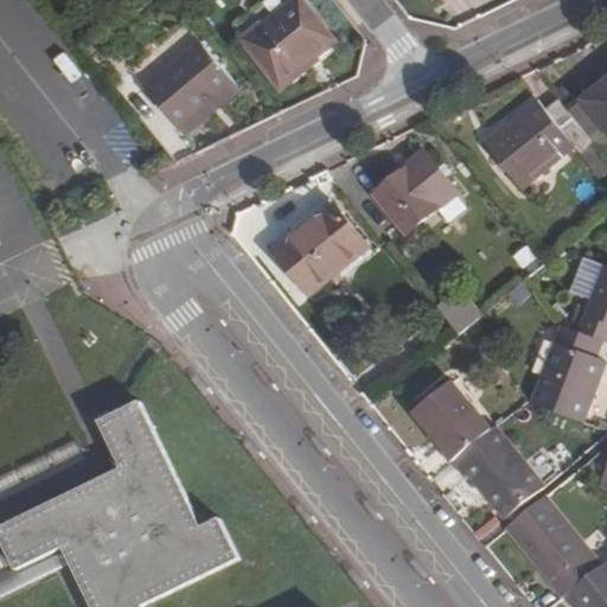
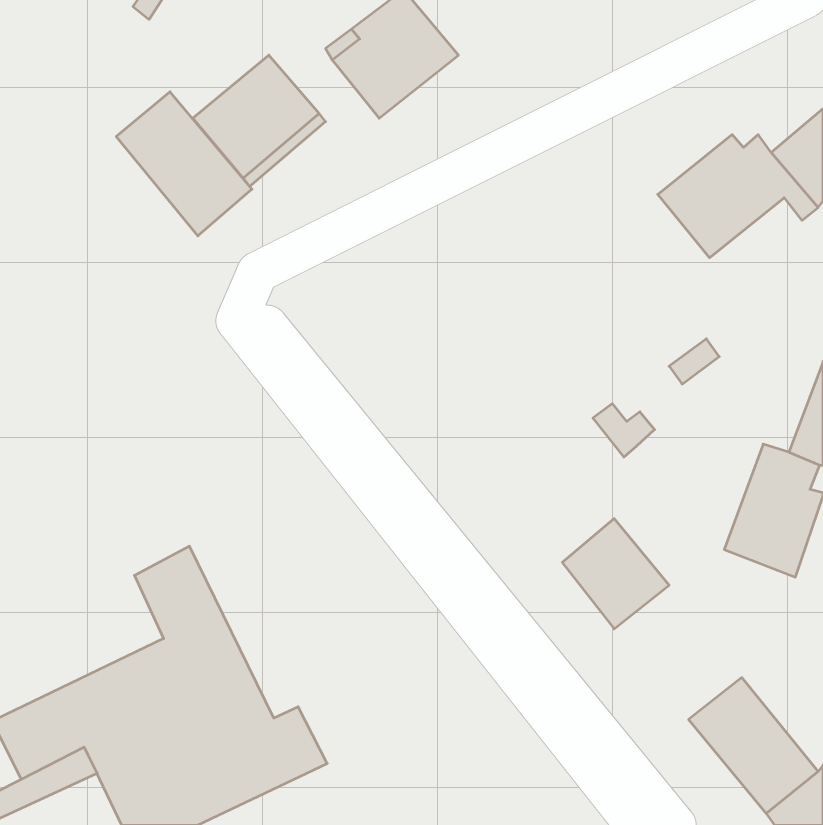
building: none -> [116,92,252,236]
building: [371,151,458,235] -> none
building: [273,204,366,294] -> none
building: [449,426,542,517] -> none

